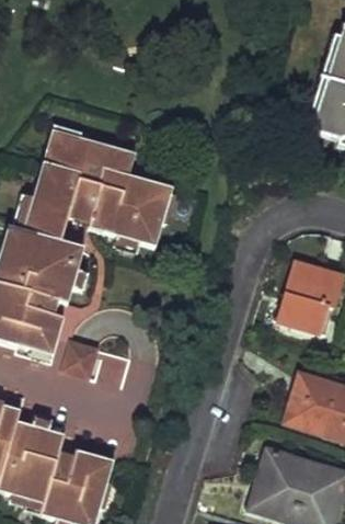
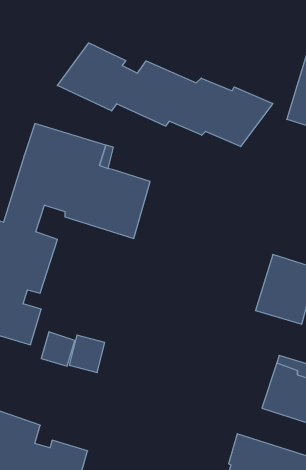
building: none -> [57,43,273,147]

